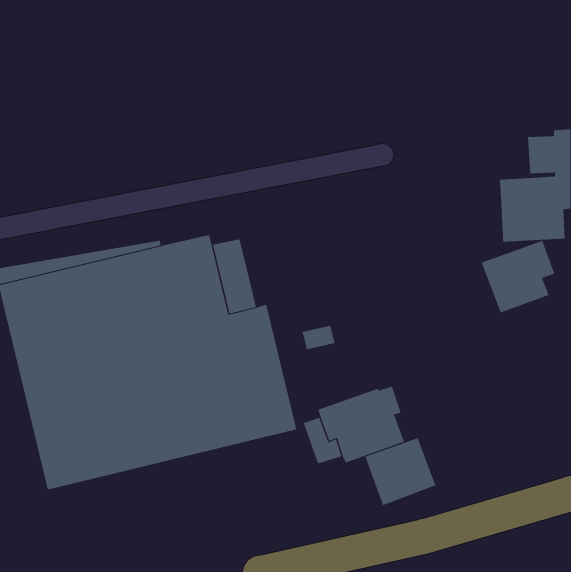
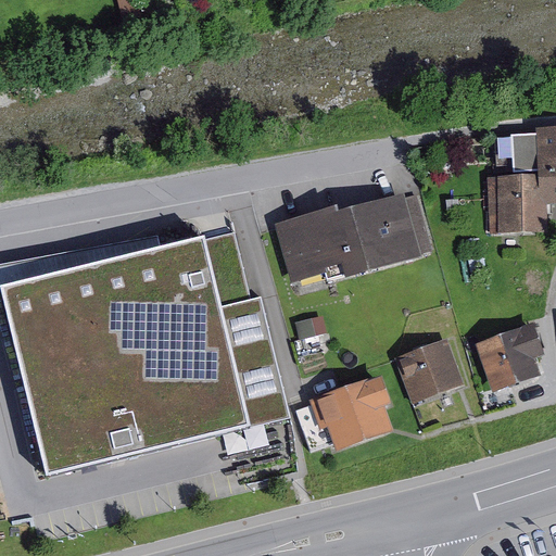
building: none -> [277,197,431,282]
building: [481,240,555,313] -> [472,320,544,391]
building: [364,437,436,506] -> [393,339,463,405]

